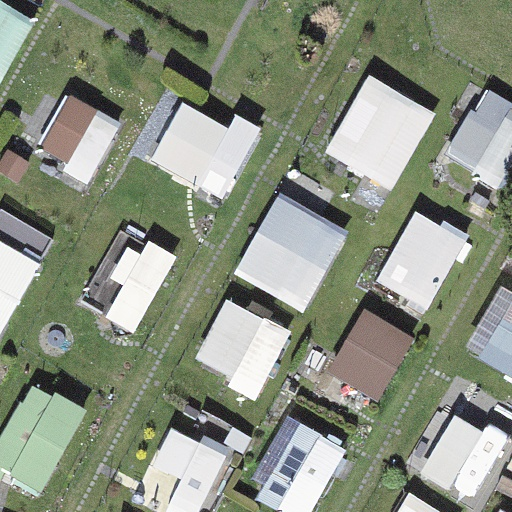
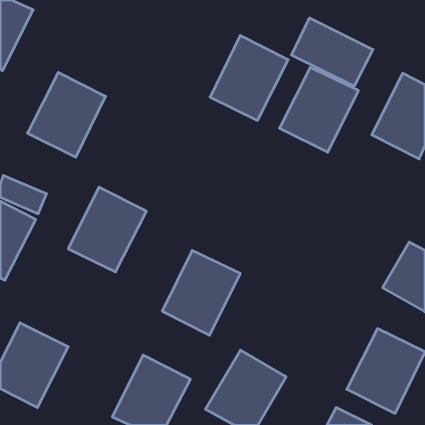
building: none -> [291,18,373,86]
building: [161,102,255,204] -> [210,36,288,120]
building: [244,203,338,305] -> none
building: [372,211,466,313] -> none
building: [321,305,415,407] -> none

